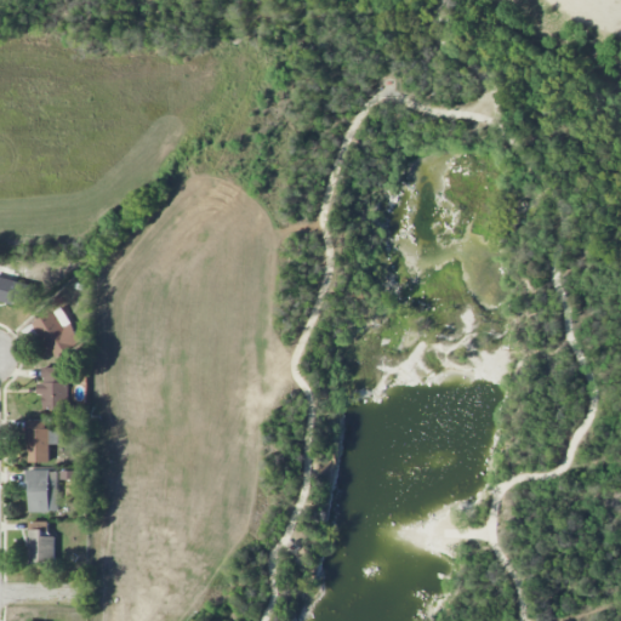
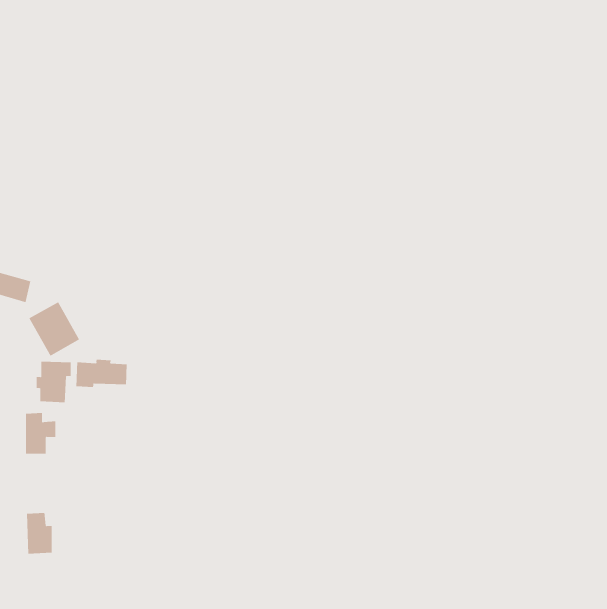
building: none -> [76,359,127,388]
building: [27,471,56,513] -> none

